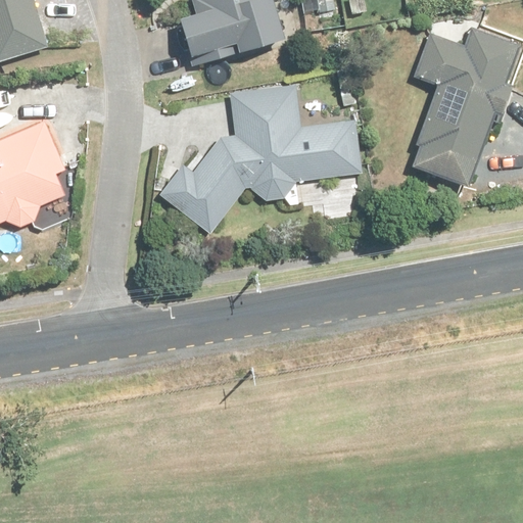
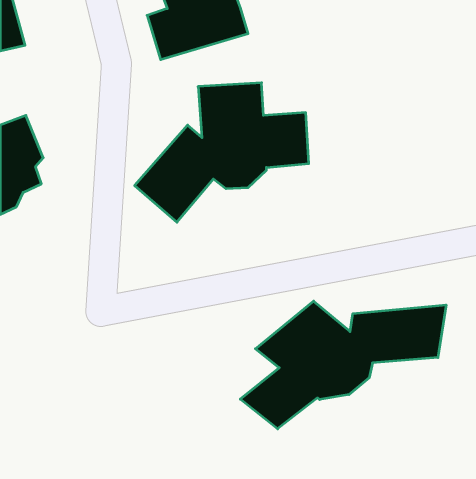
building: [397,21,518,187] -> none
building: none -> [240,301,446,429]

